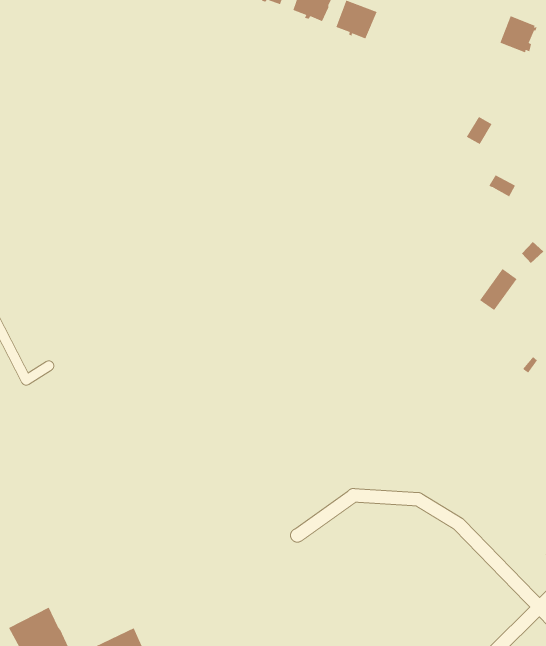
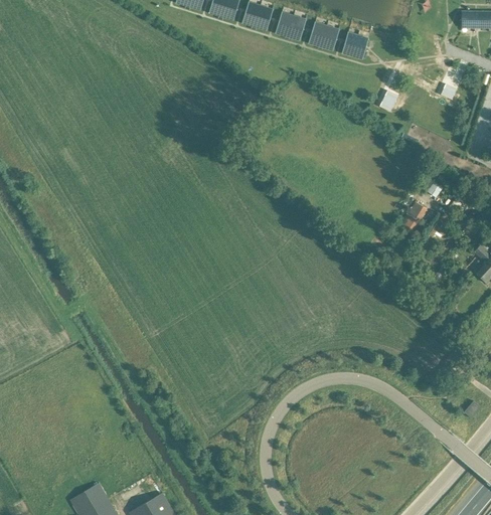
building: [500,15,537,53] -> [342,32,369,59]
building: none -> [309,22,338,50]

